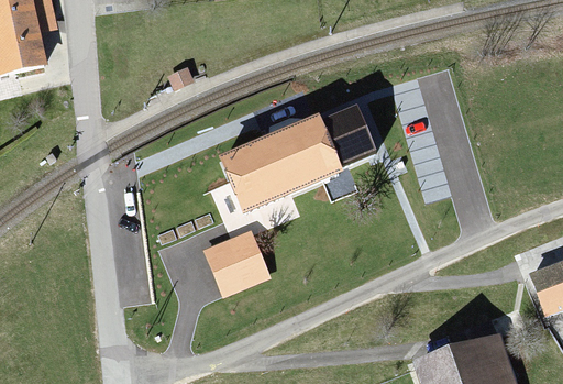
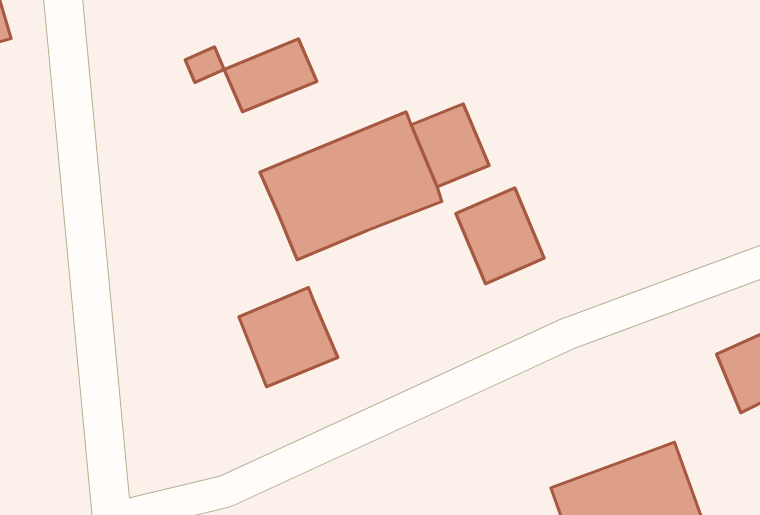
building: none -> [224,39,317,112]
building: none -> [456,188,544,284]

